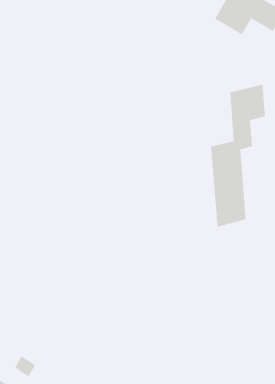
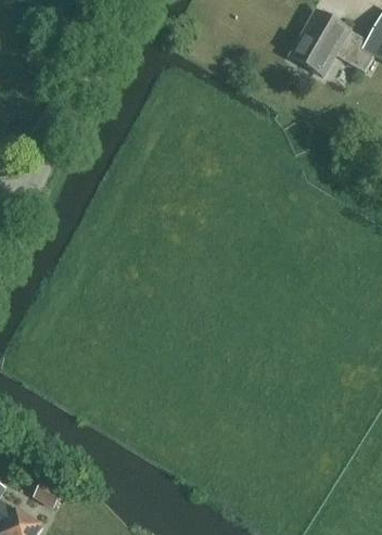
building: [210,84,265,227] -> none

